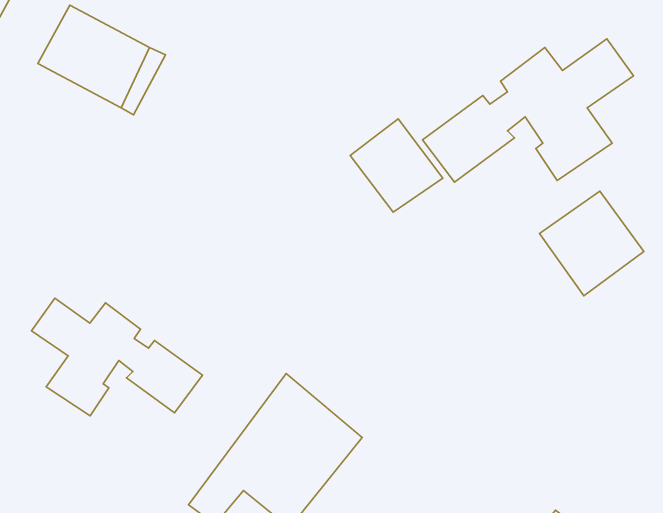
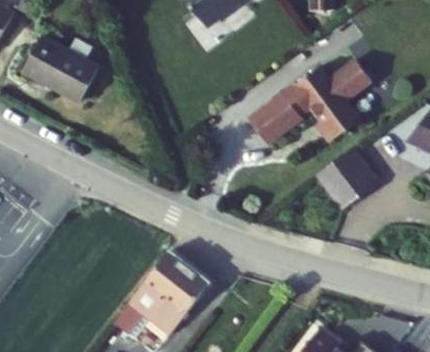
building: [350,119,443,212] -> none
building: [31,298,202,416] -> none

